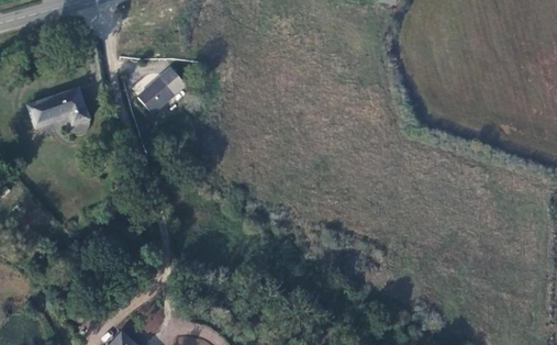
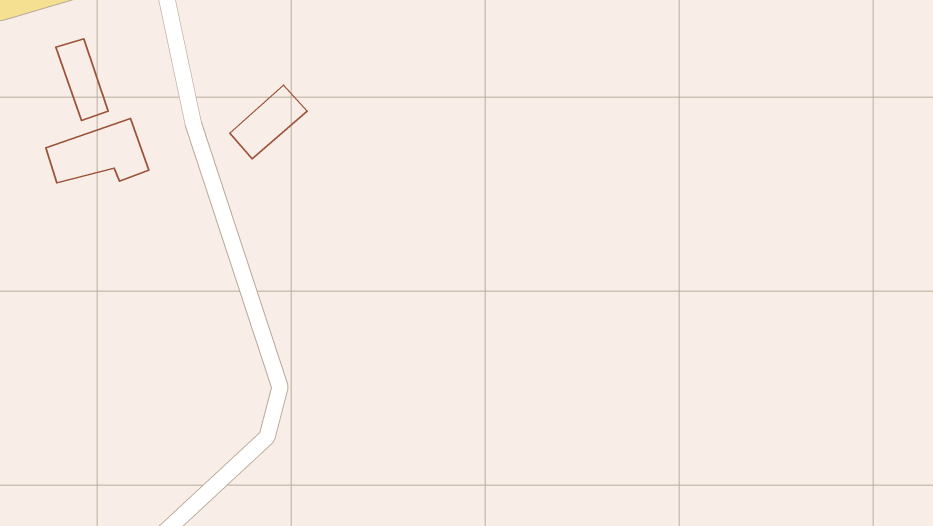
building: none -> [56,39,108,121]

